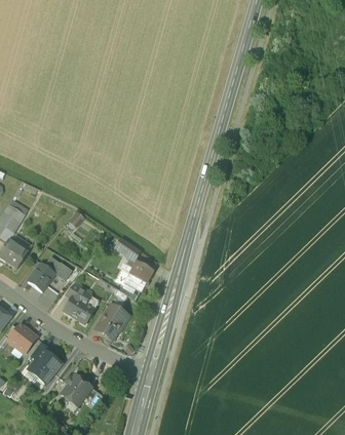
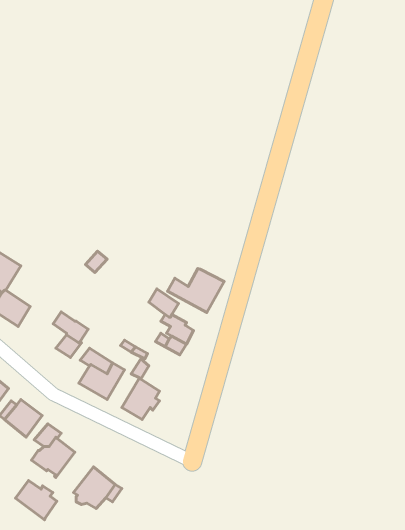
building: none -> [167,269,224,312]
building: [28,262,54,289] -> none
building: none -> [15,481,57,520]

